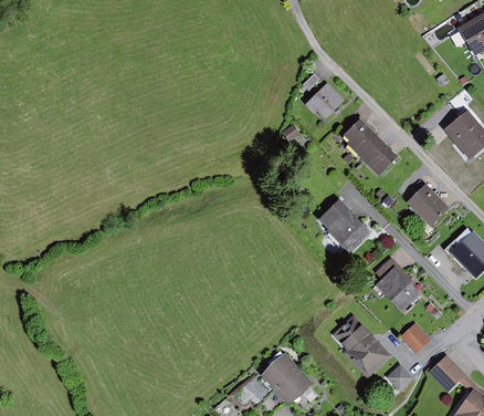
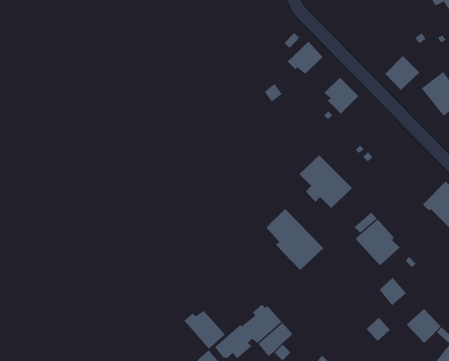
building: [361,138,398,175] -> [385,55,420,91]
building: [404,184,446,226] -> none
building: [334,314,393,378] -> [266,208,324,271]
building: none -> [183,310,225,349]

